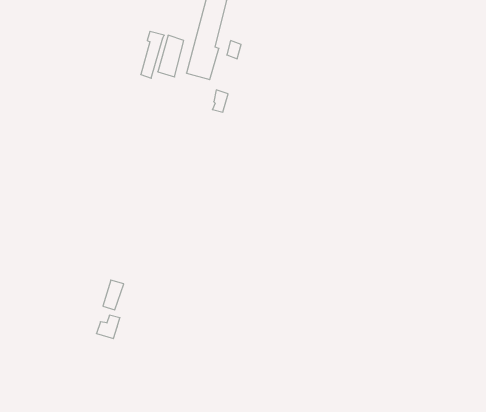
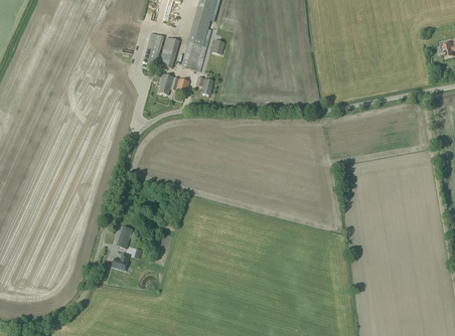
building: none -> [158,72,190,94]

